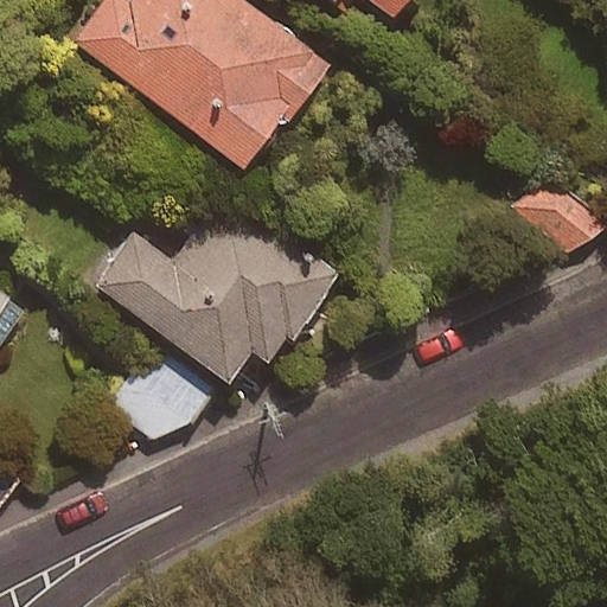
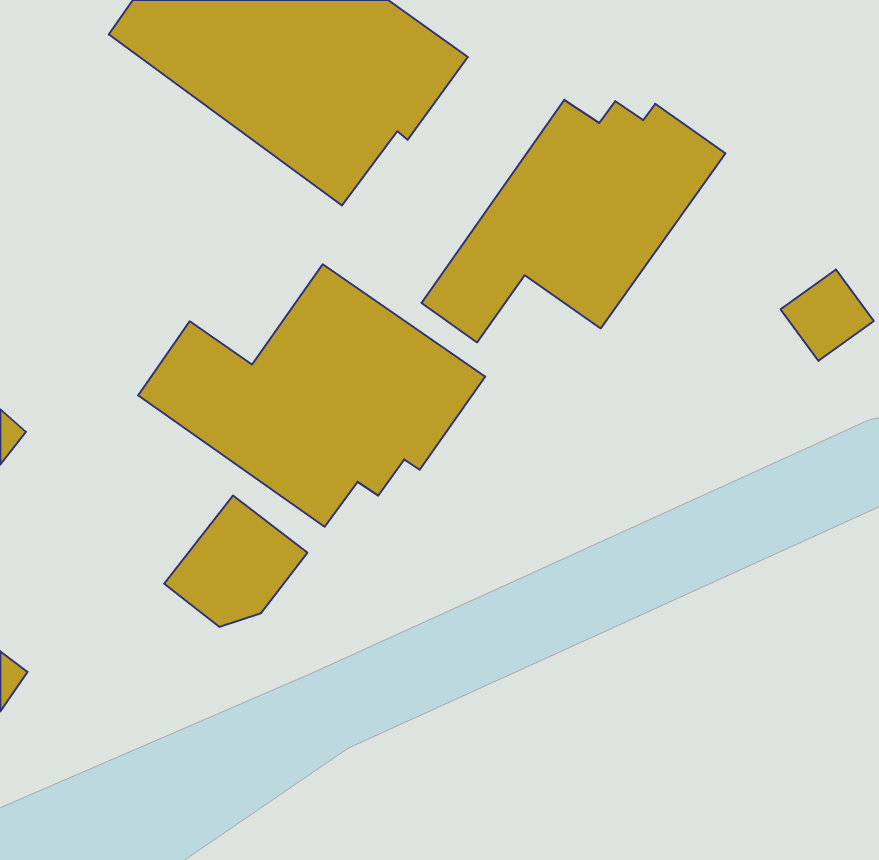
building: none -> [421,100,725,342]

